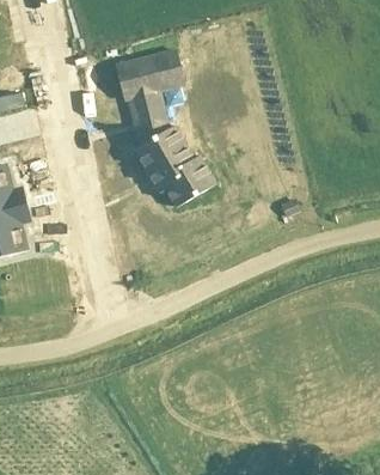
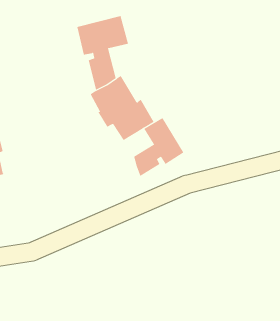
building: none -> [134,117,184,177]

